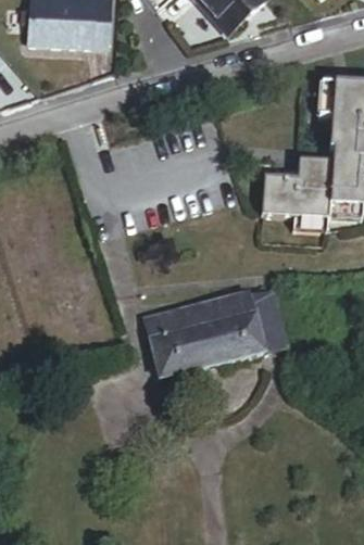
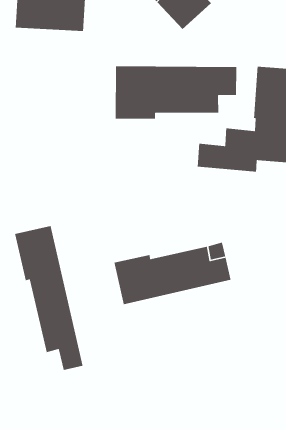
building: none -> [115,66,237,119]
building: none -> [14,225,83,371]

